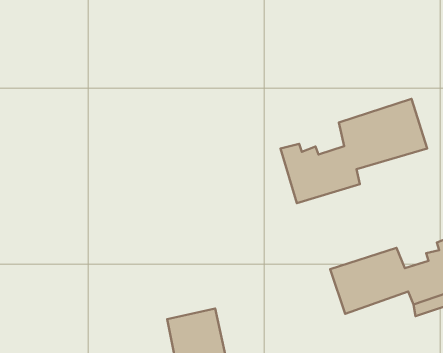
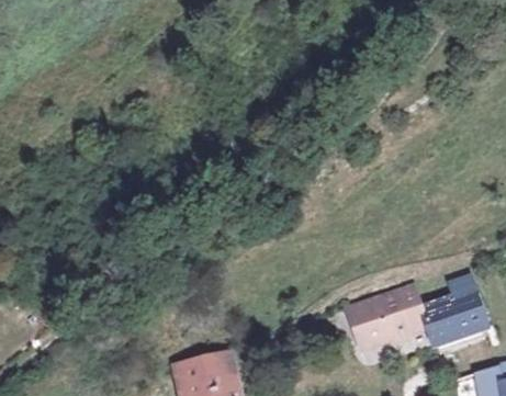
building: [281,99,427,203] -> none

